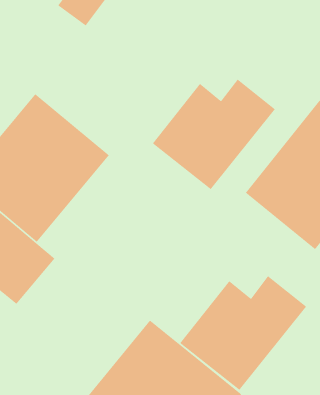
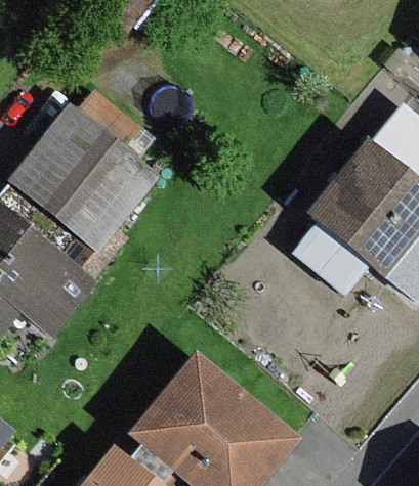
building: [152,78,276,190] -> none
building: [179,275,307,391] -> none

